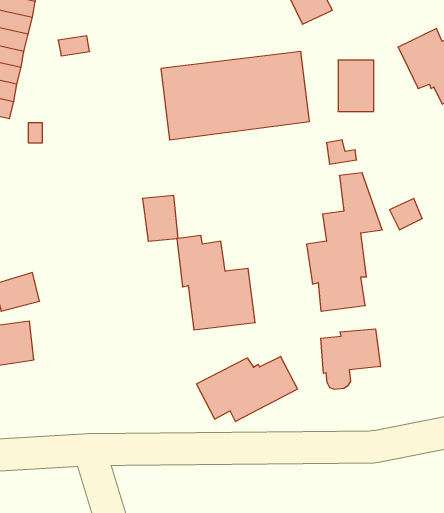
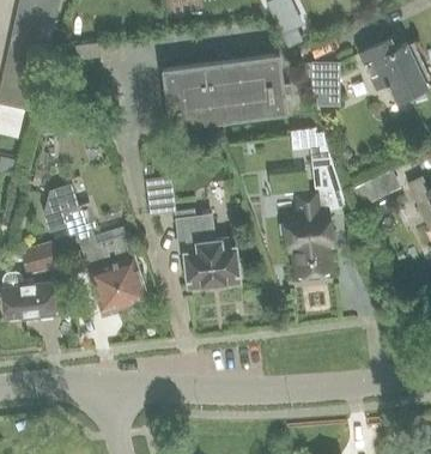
building: none -> [43,183,145,310]
building: [321,329,380,389] -> none
building: [197,356,298,422] -> none

